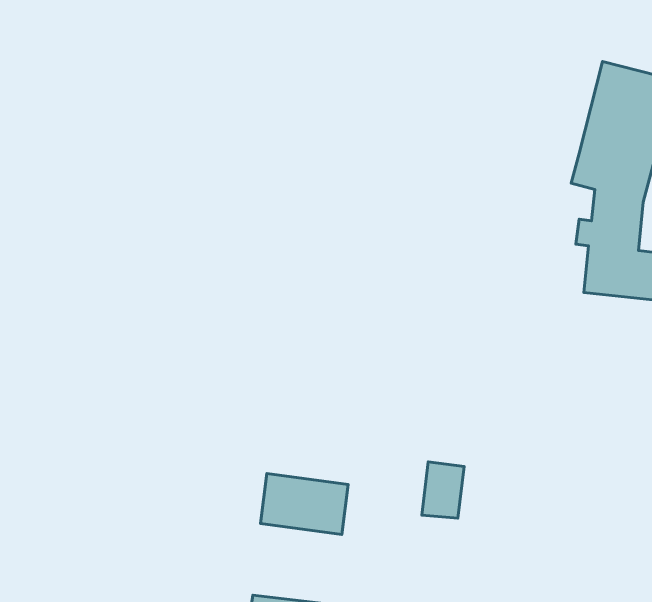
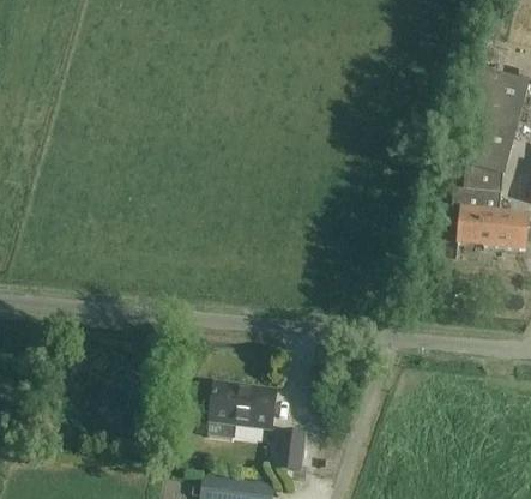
building: [422,462,464,518] -> [276,429,308,473]

